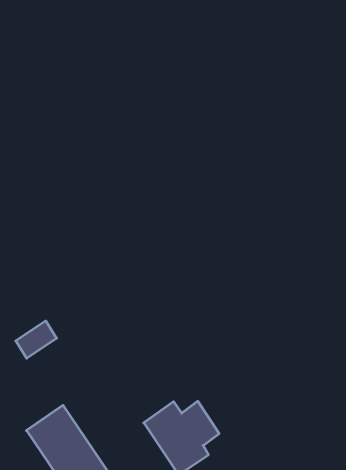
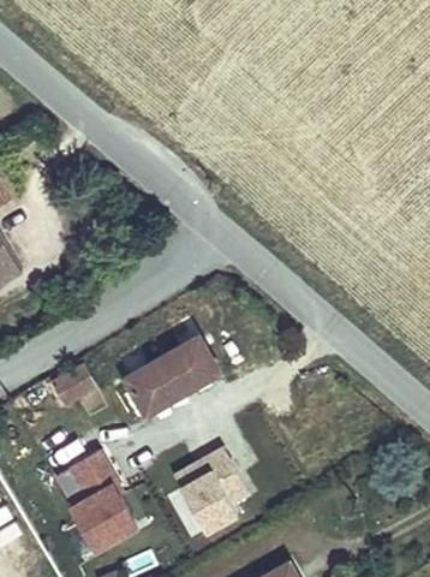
building: none -> [123,339,216,415]

